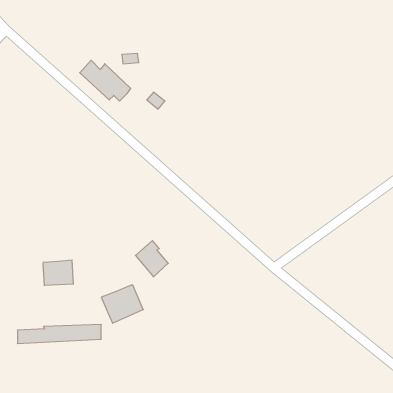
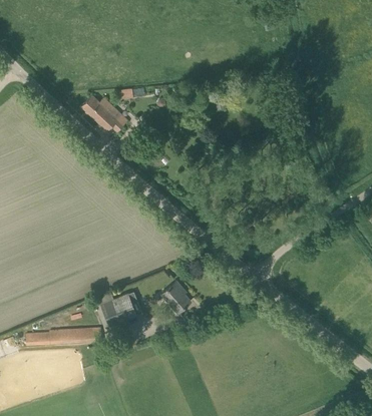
building: [135,241,168,277] -> [162,280,192,312]
building: [43,260,73,286] -> none

